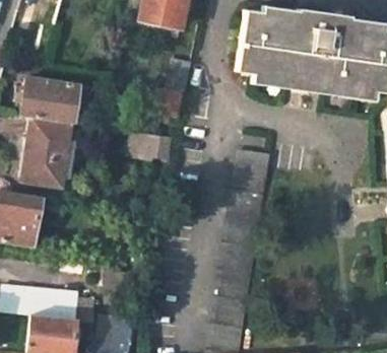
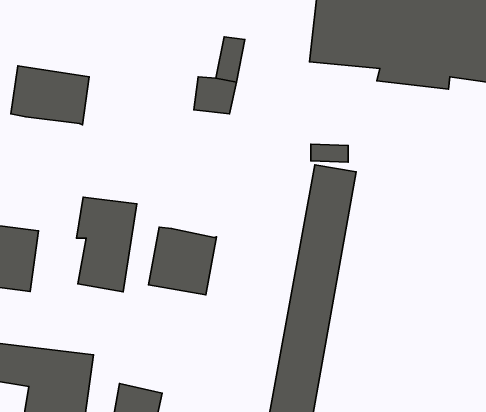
building: [25,117,70,187] -> [76,197,137,292]
building: [129,131,171,159] -> none
building: none -> [148,227,217,295]

